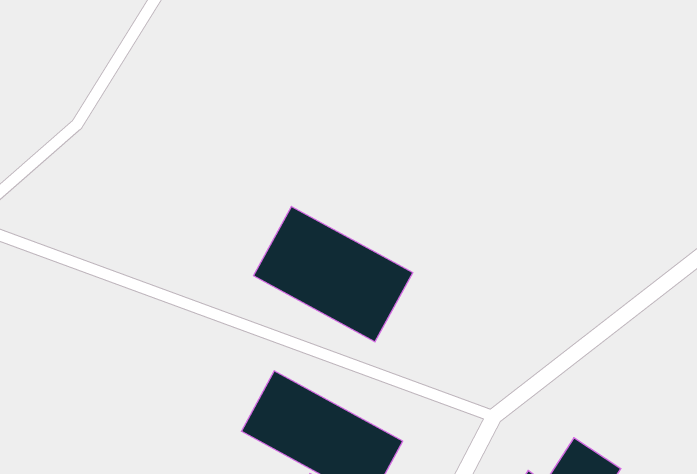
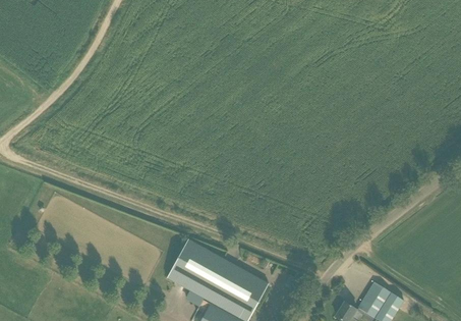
building: [254,206,413,342] -> none

